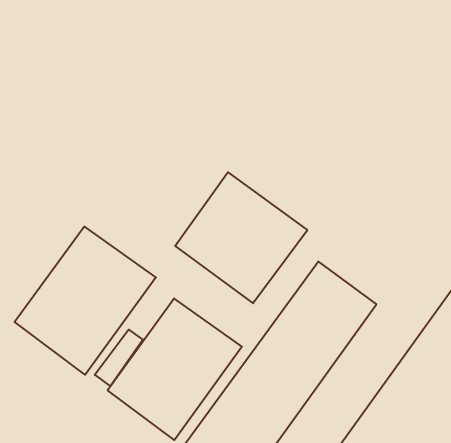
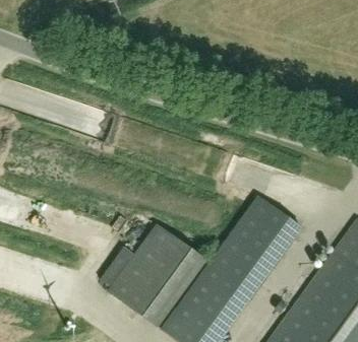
building: [175,172,307,303] -> none
building: [15,227,156,375] -> none

